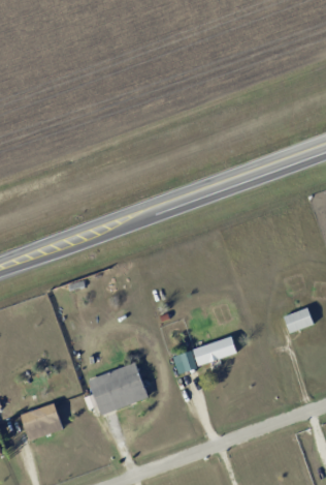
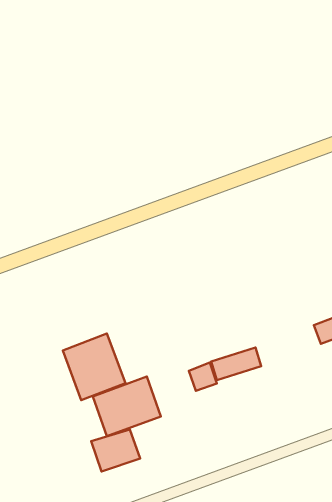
building: none -> [63,333,125,400]
building: [20,403,63,441] -> [91,429,140,471]

